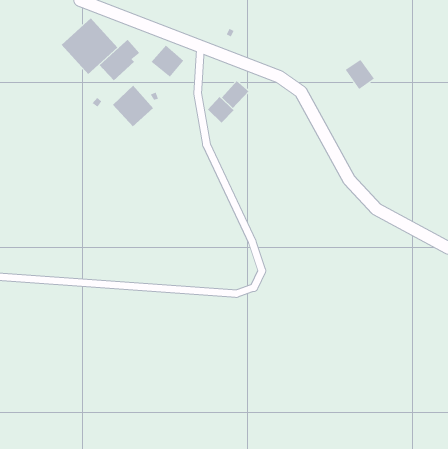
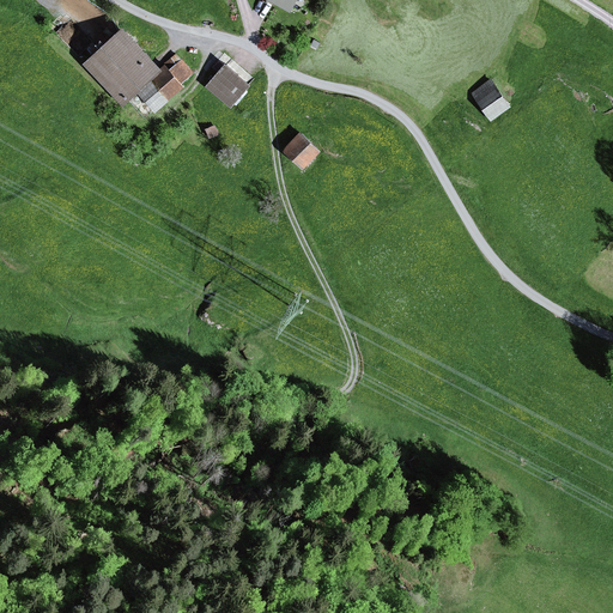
building: [221,80,249,109] -> none
building: [112,85,154,127] -> none

